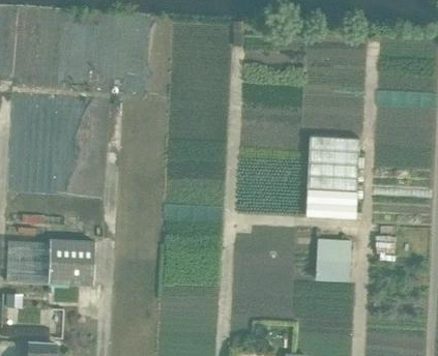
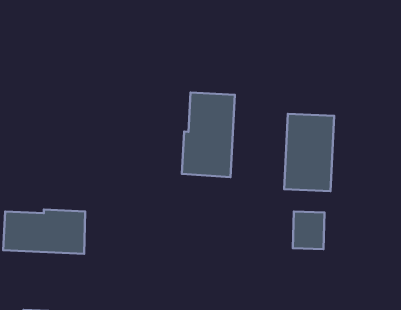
building: none -> [182,93,235,177]

